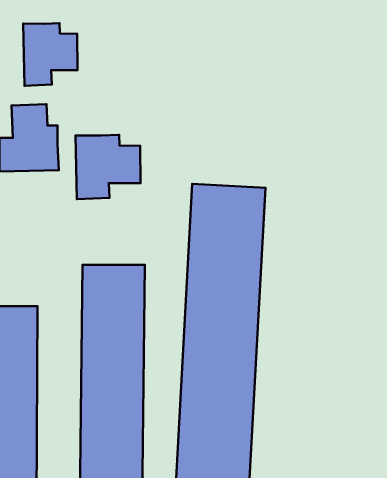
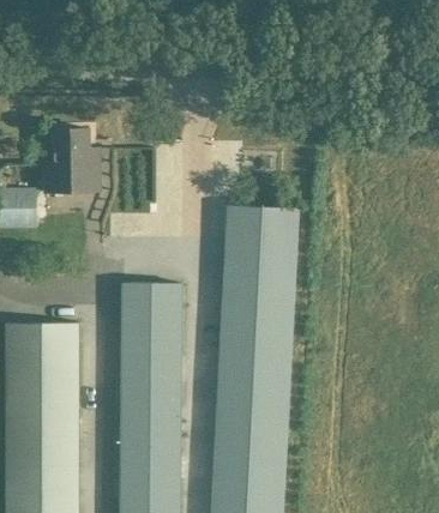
building: [23,23,77,86] -> none
building: [75,135,141,199] -> none

